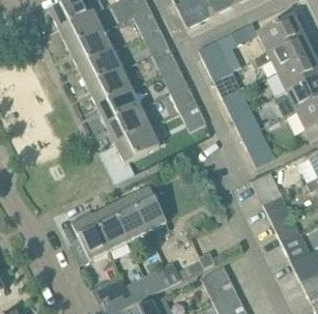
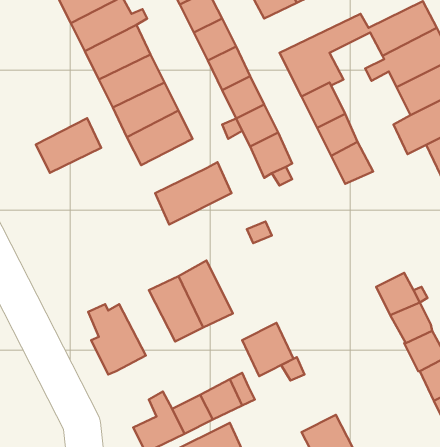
building: [106,106,149,142] -> [36,118,101,173]
building: [241,127,274,167] -> none
building: [251,170,281,204] -> none
building: [91,206,128,250] -> none
building: [201,265,235,301] -> [242,323,294,376]

